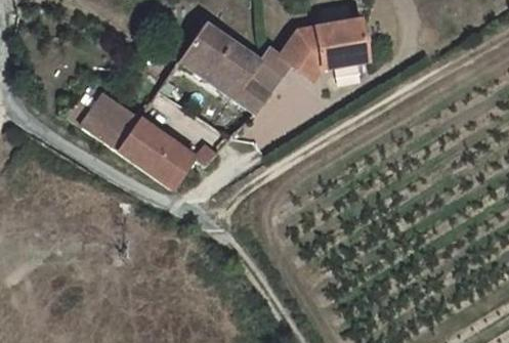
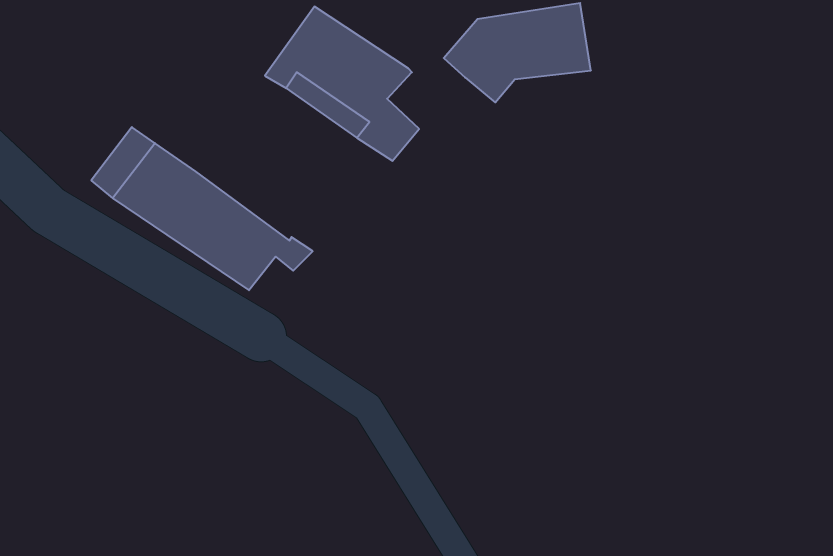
building: [250,43,295,92] -> none

